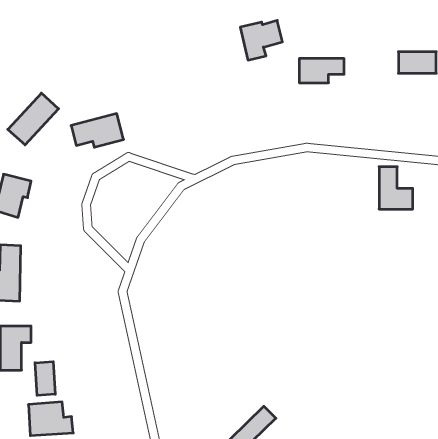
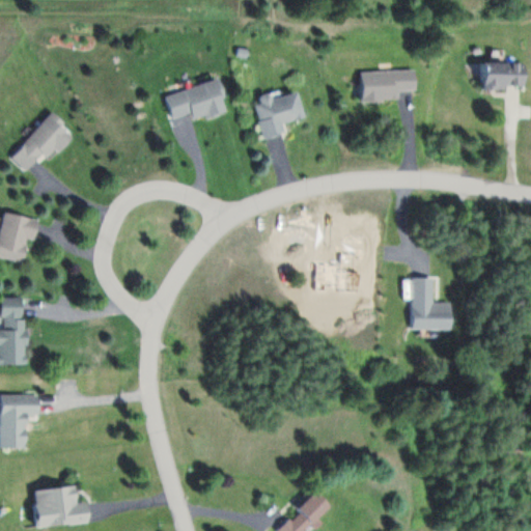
building: [240,20,282,60] -> [253,92,304,140]
building: [71,114,124,147] -> [164,81,227,121]
building: [379,167,413,209] -> [411,277,451,328]
building: [35,362,55,395] -> none

